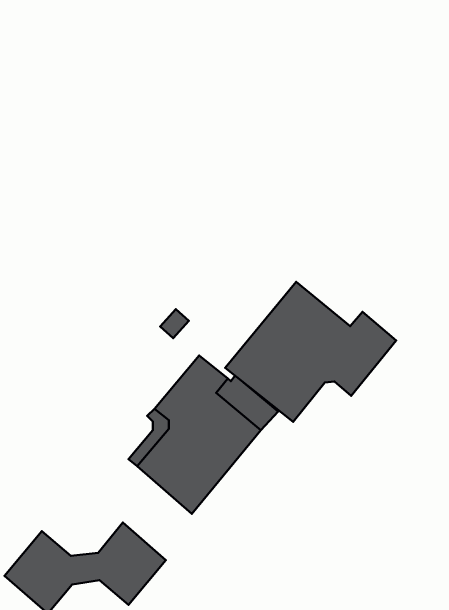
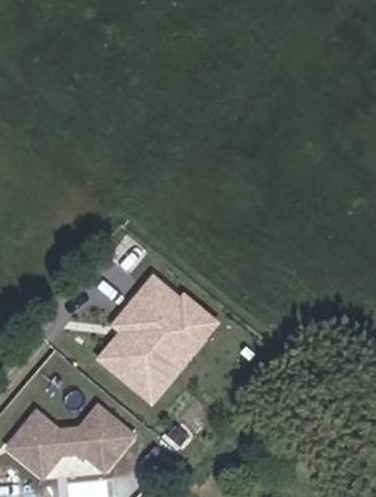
building: [225,282,396,422] -> none

